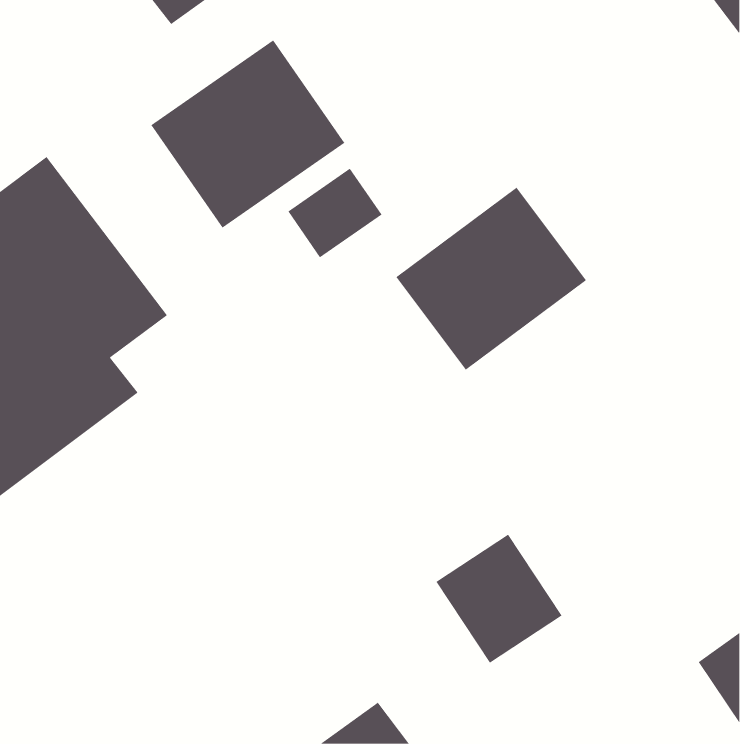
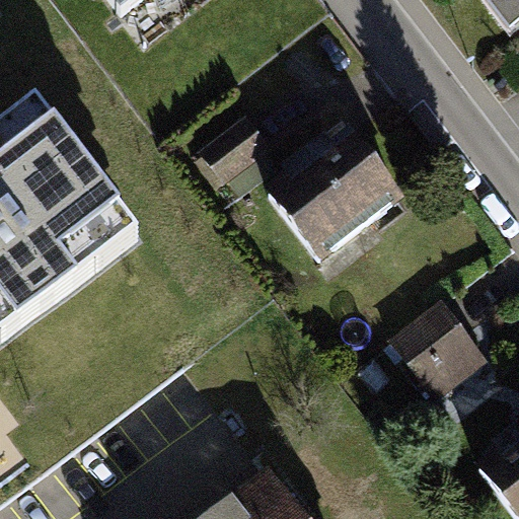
building: [150,39,345,229] -> none
building: [435,534,562,664] -> [391,302,479,392]

